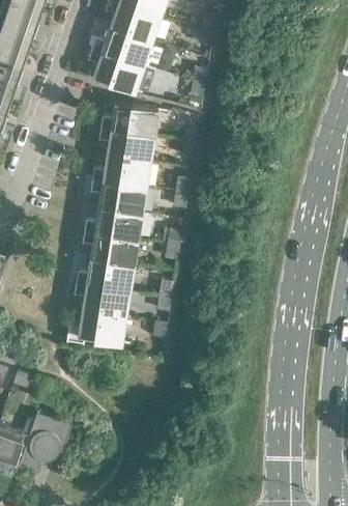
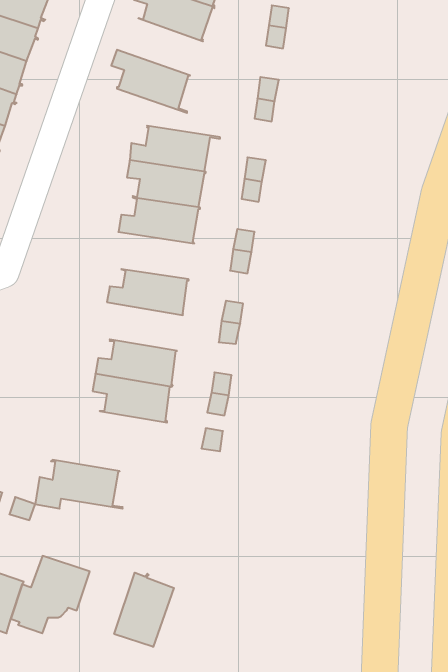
building: [91,24,162,65] -> none
building: [90,178,147,213] -> none
building: [82,229,139,264] -> none
building: [66,308,129,343] -> [35,460,123,509]
building: none -> [114,573,174,647]

